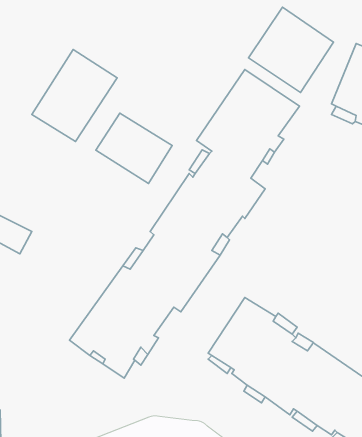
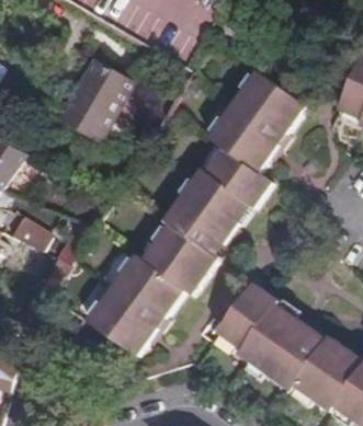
building: [248,7,333,92] -> none
building: [96,113,172,184] -> none

